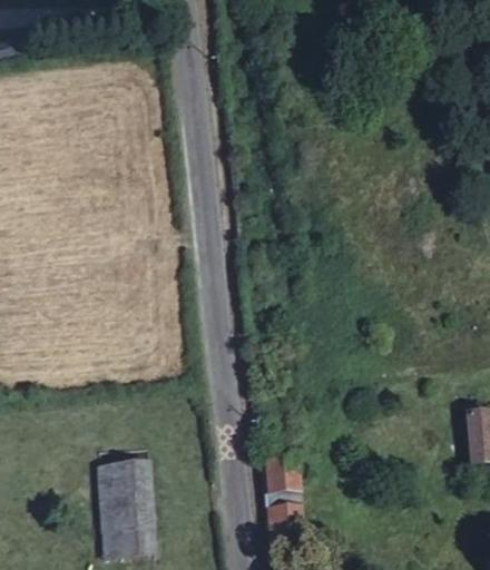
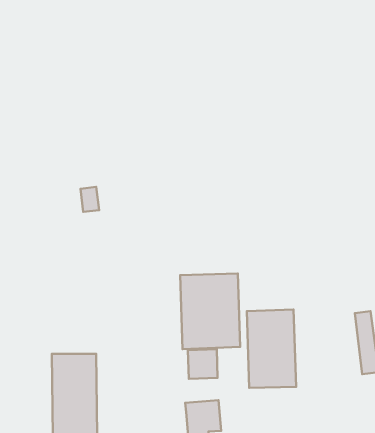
building: none -> [180,274,240,349]
building: none -> [247,309,296,388]

